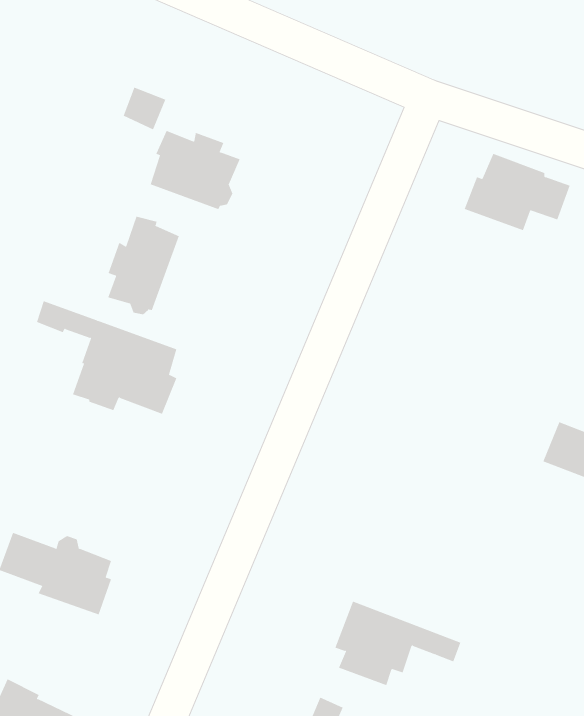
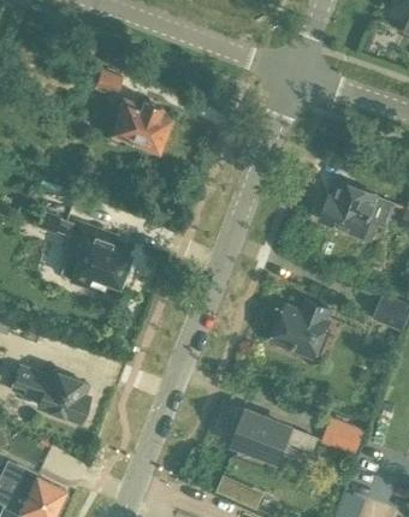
building: [464,153,571,231] -> [322,182,393,233]
building: [107,216,179,315] -> none
building: none -> [274,301,330,355]
building: none -> [321,416,362,453]

